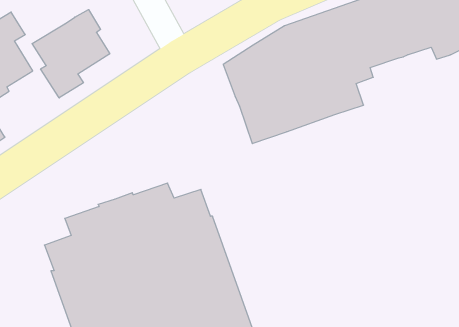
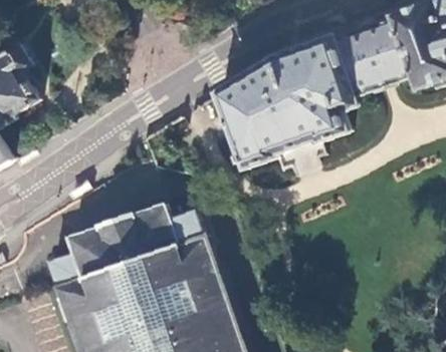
building: [32,10,110,98] -> none

